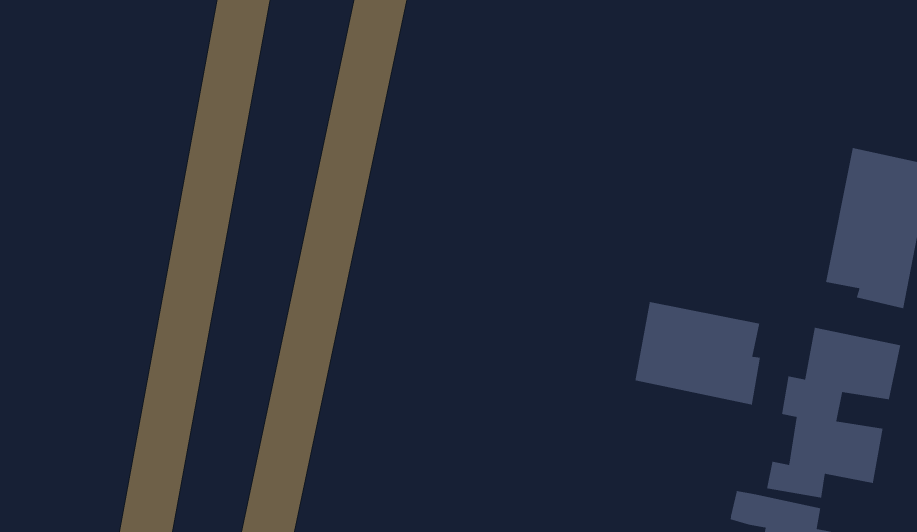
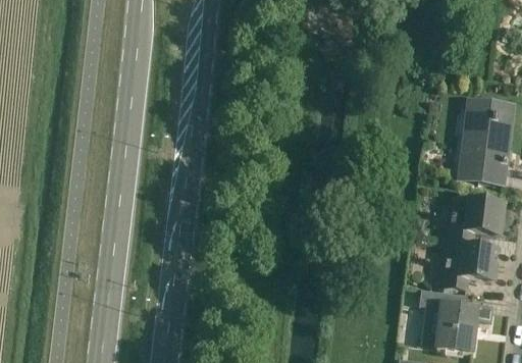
building: [634,301,761,406] -> none

